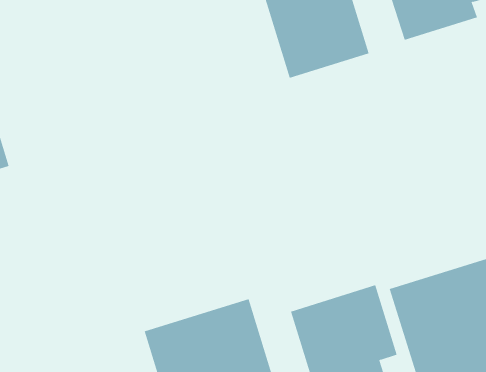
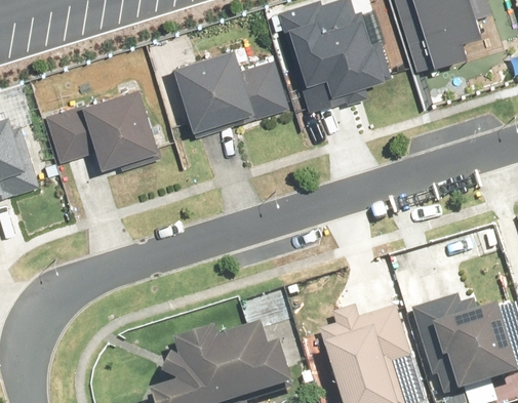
building: none -> [169,42,290,135]
building: none -> [46,87,157,180]

